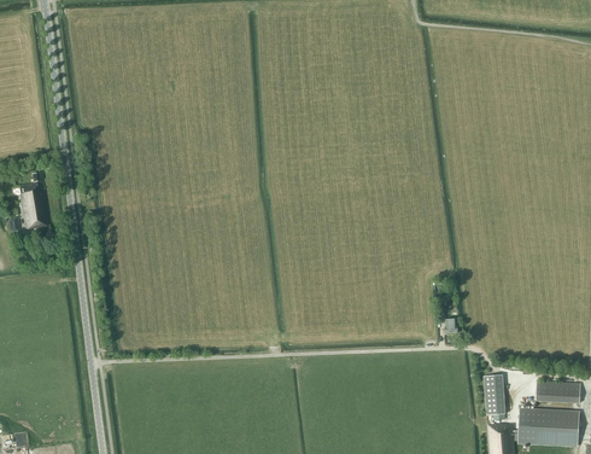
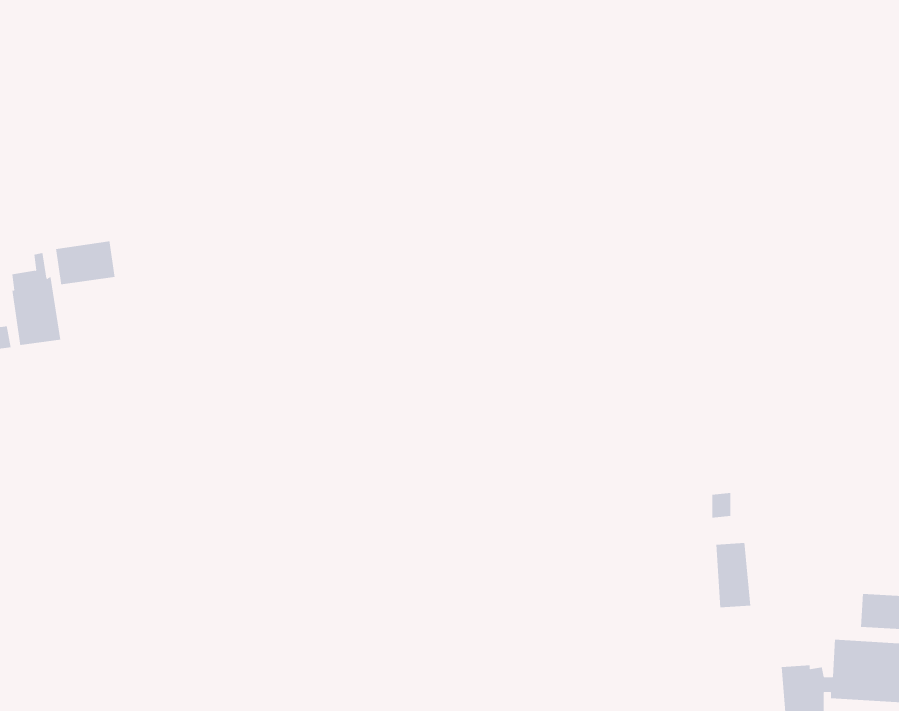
building: none -> [55,241,115,285]
building: [484,374,505,414] -> [715,542,751,608]

